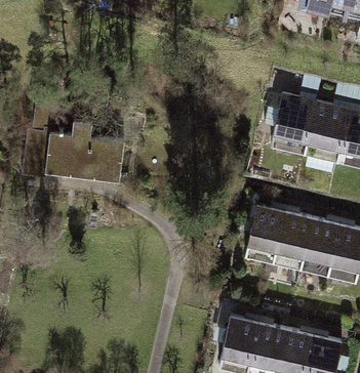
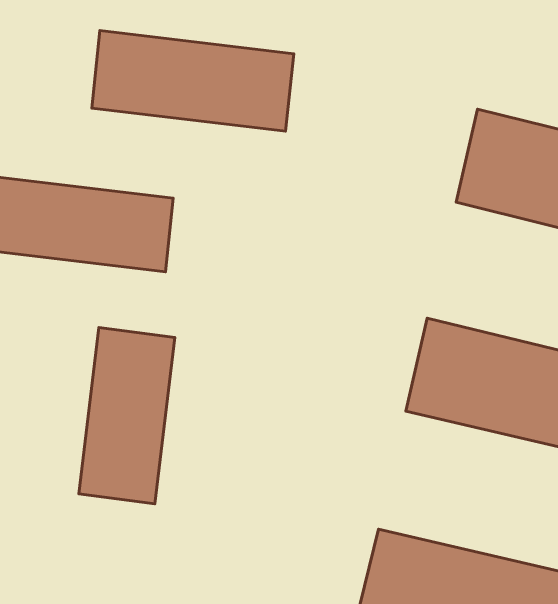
building: none -> [92,31,294,131]
building: none -> [79,328,175,504]

